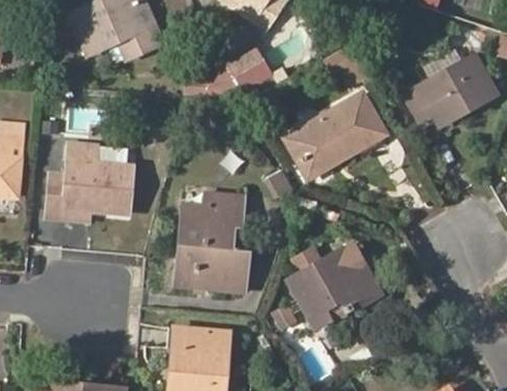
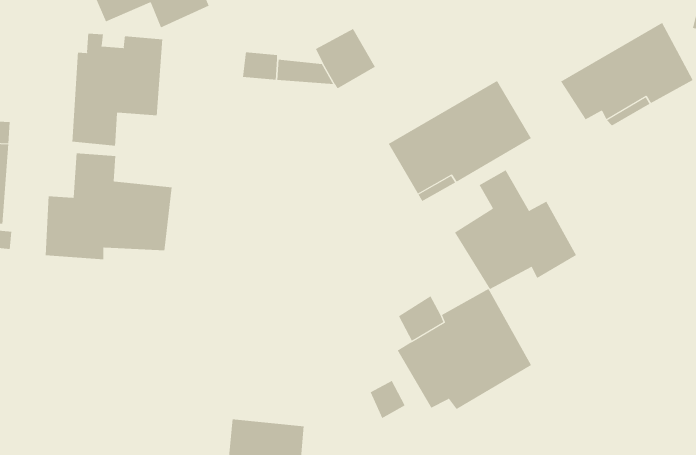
building: none -> [72,33,163,147]
building: none -> [454,169,577,290]
building: [176,193,248,290] -> none

